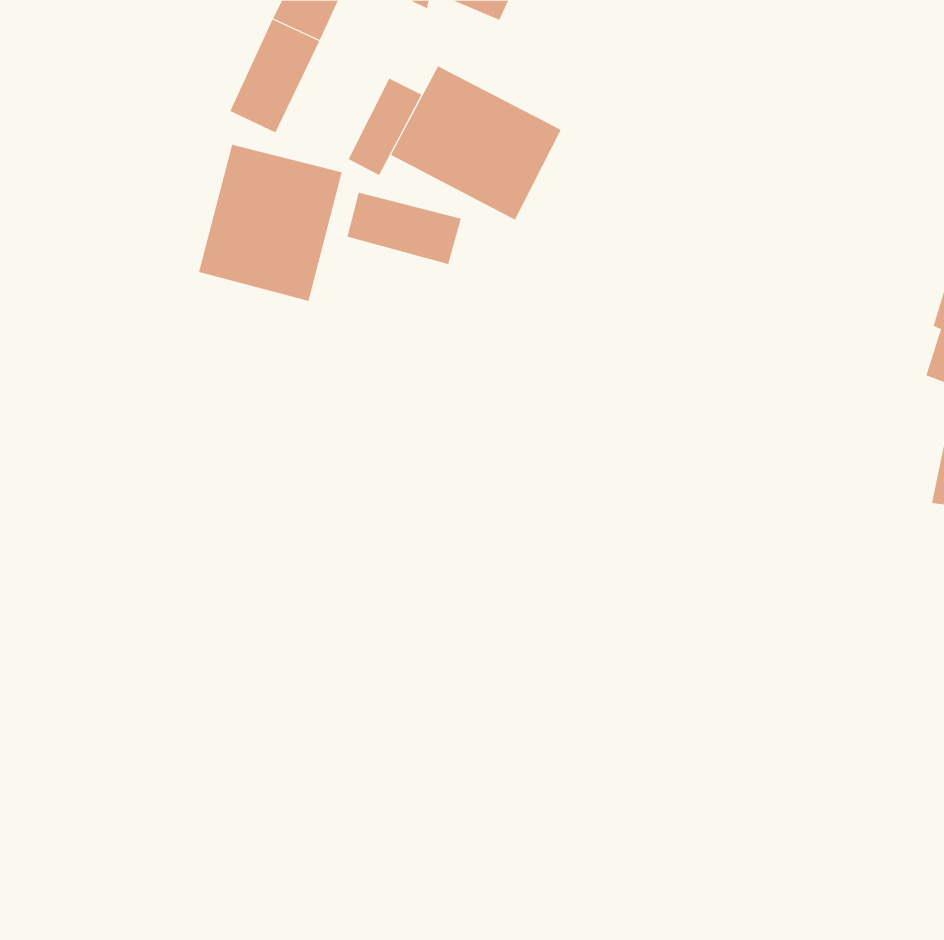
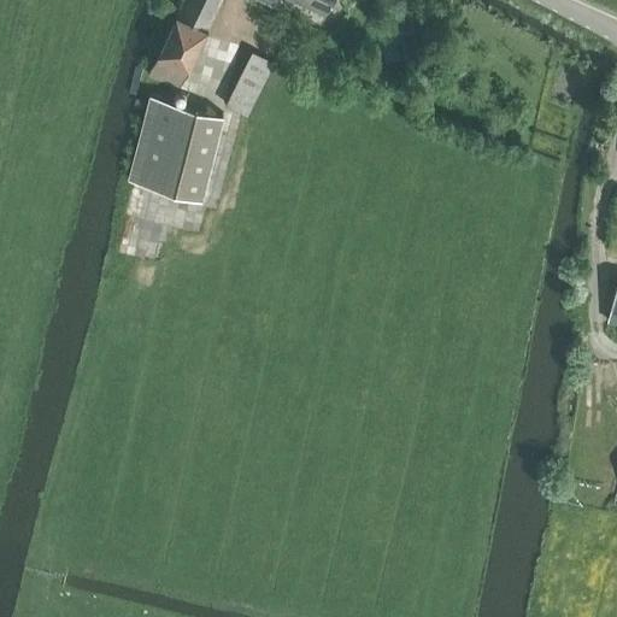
building: [390,66,561,220] -> none
building: [347,192,461,265] -> none

